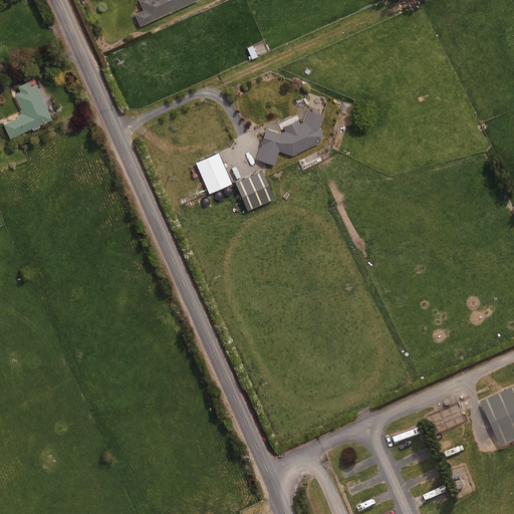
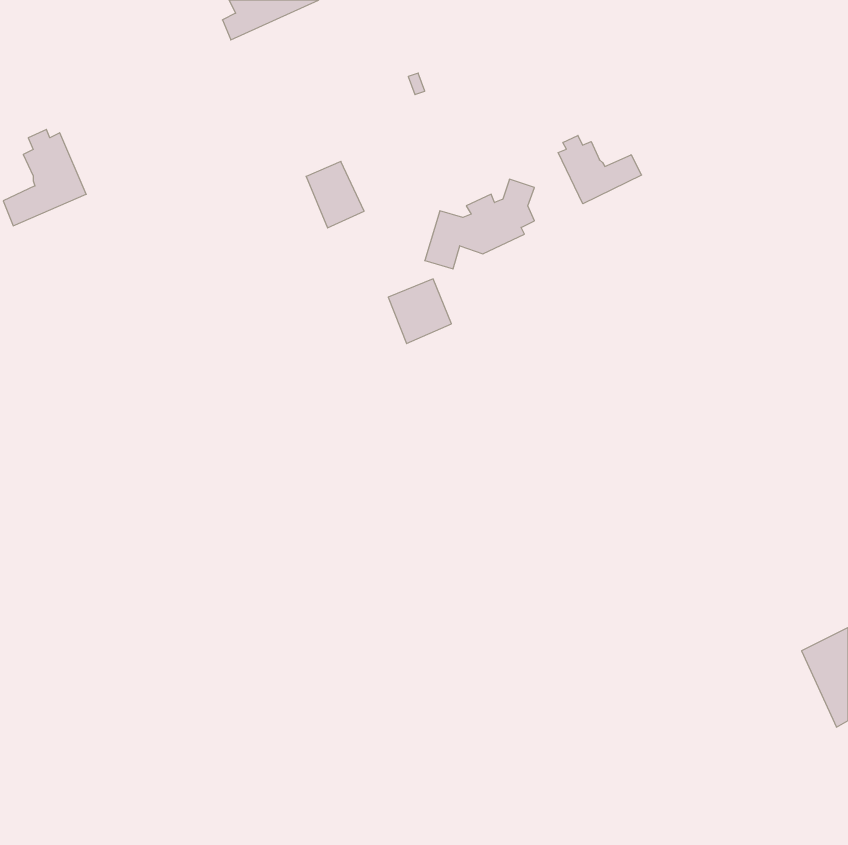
building: none -> [558,135,642,204]
building: [196,154,231,194] -> [306,161,364,228]

